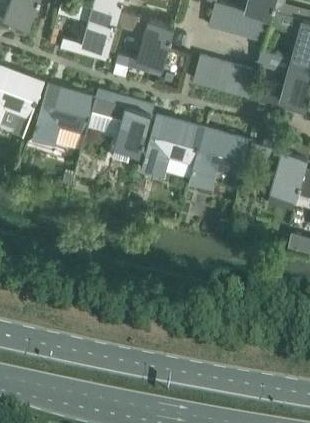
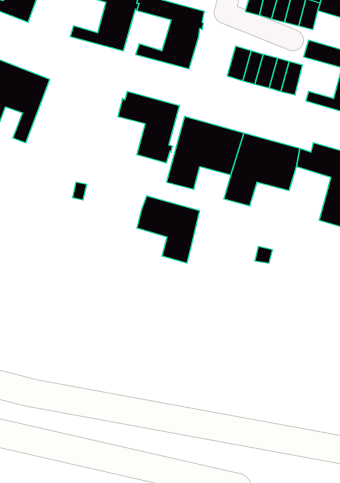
building: [32,84,95,144] -> none
building: none -> [137,196,200,263]

